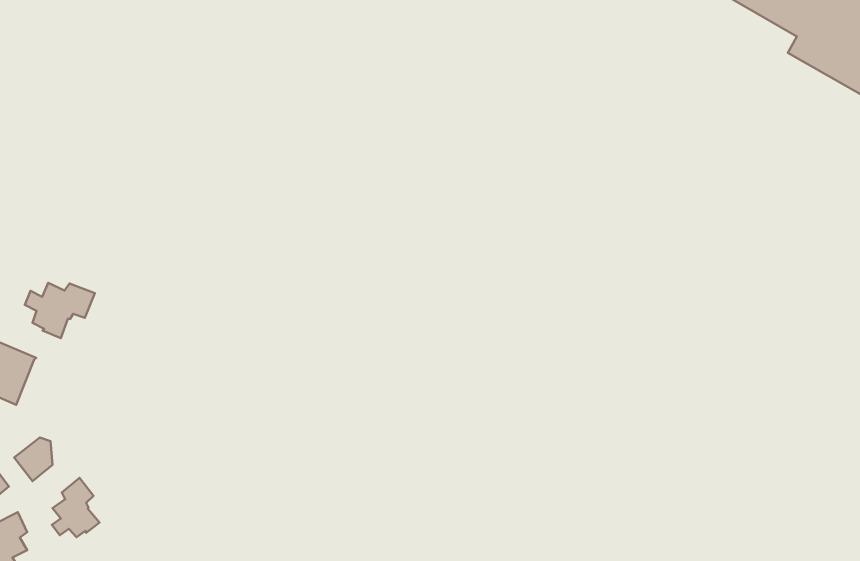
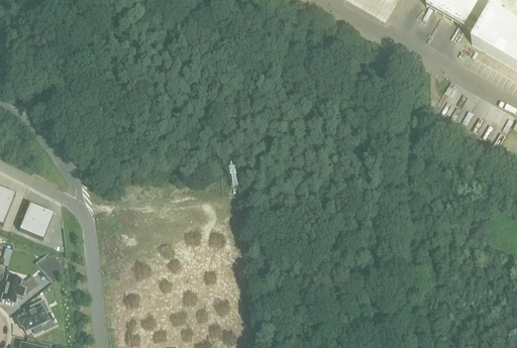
building: [25,283,95,338] -> none
building: [52,478,99,537] -> none

